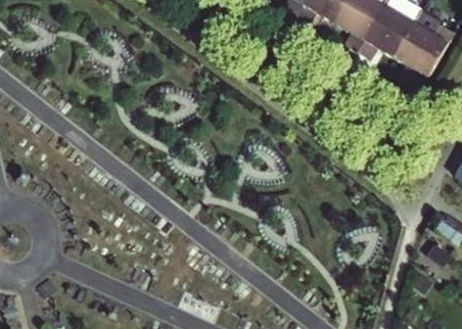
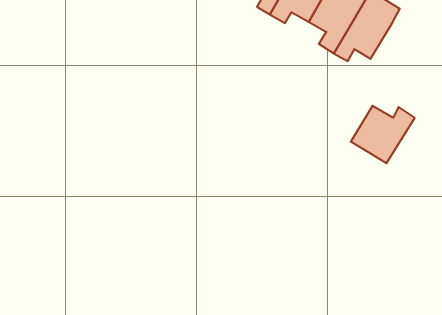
building: [394,22,454,77] -> [351,106,415,163]

